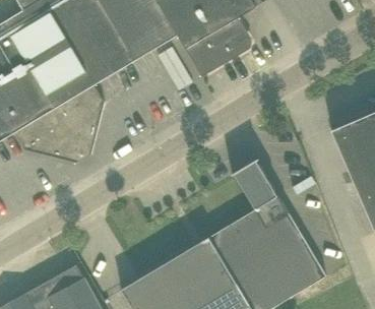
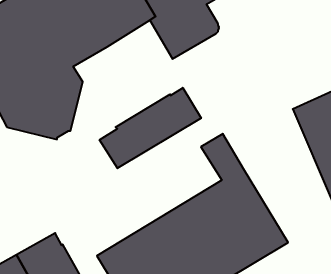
building: none -> [100,88,201,168]

